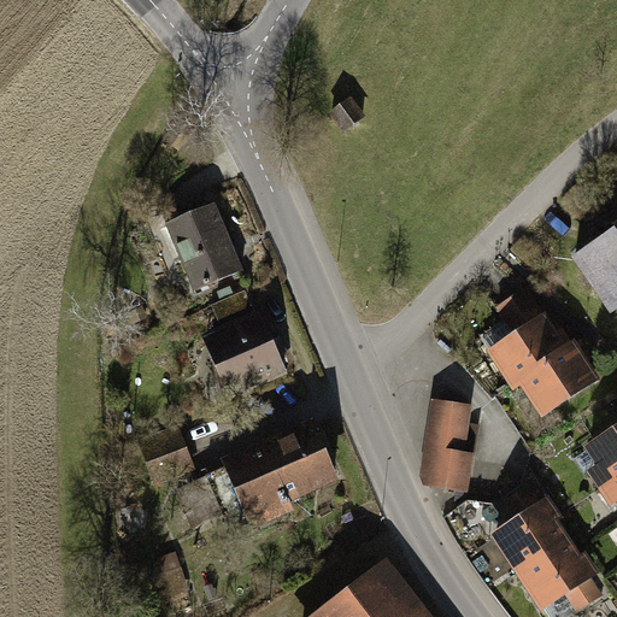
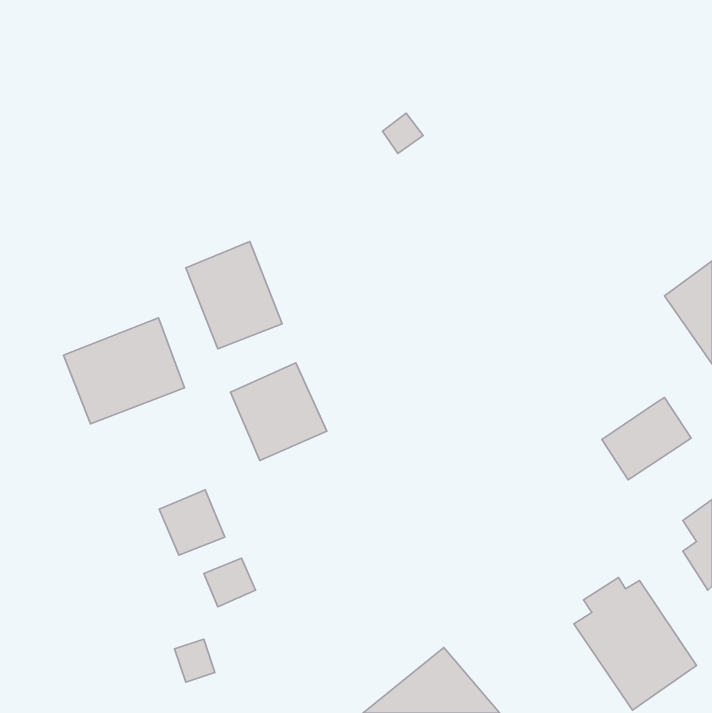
building: none -> [64,318,184,424]
building: [487,288,568,383] -> none
building: [423,399,474,492] -> none
building: [221,422,337,533] -> none

